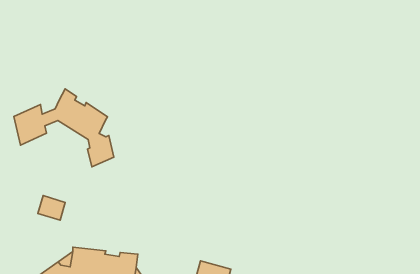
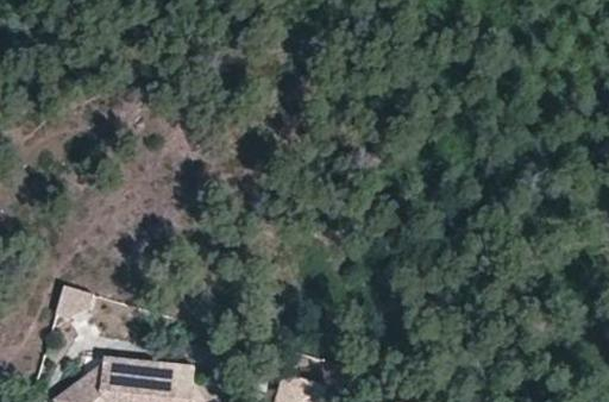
building: [14,89,114,167] -> none

